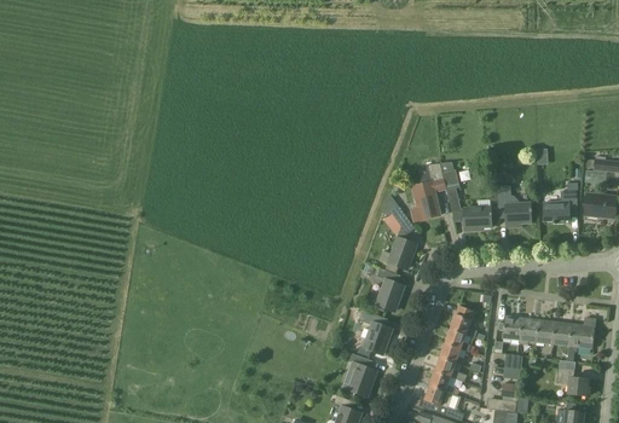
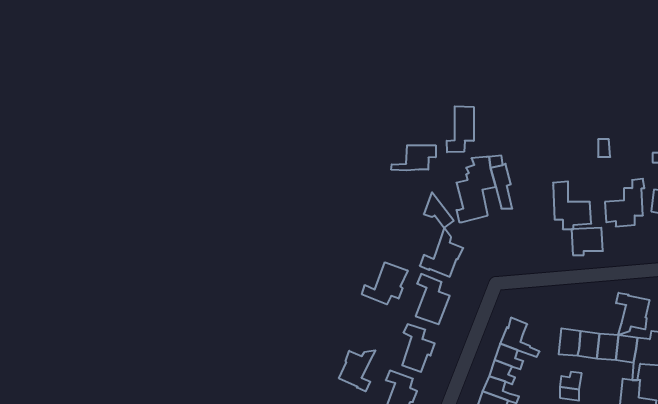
building: none -> [447,106,474,152]
building: none -> [391,145,436,170]
building: [463,207,491,231] -> [572,228,603,255]
building: none -> [362,262,408,304]
building: none -> [616,293,649,335]
building: none -> [339,350,375,391]

